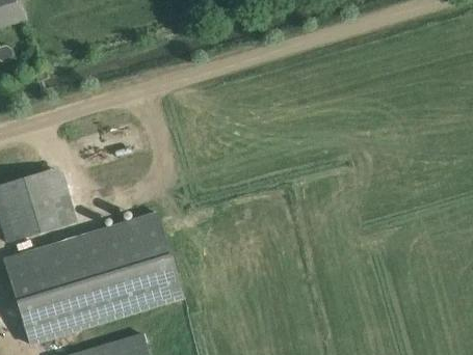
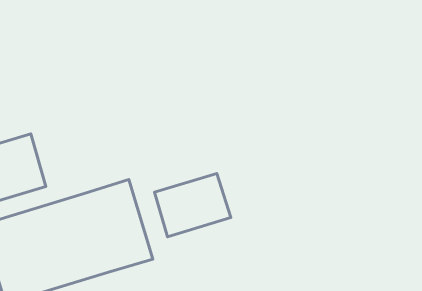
building: none -> [155,173,231,237]

